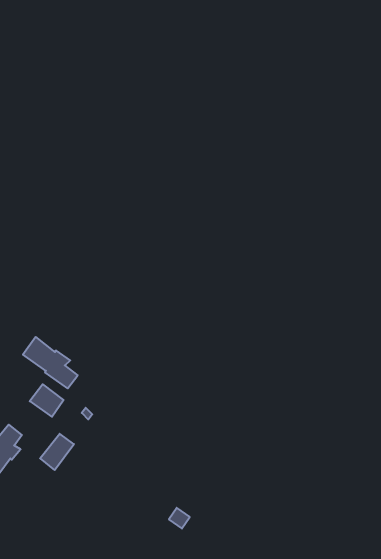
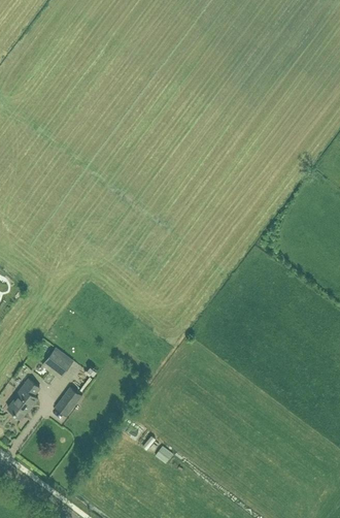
building: [23,337,78,388] -> none

